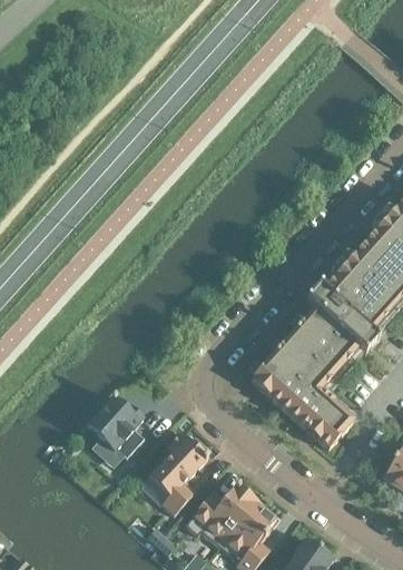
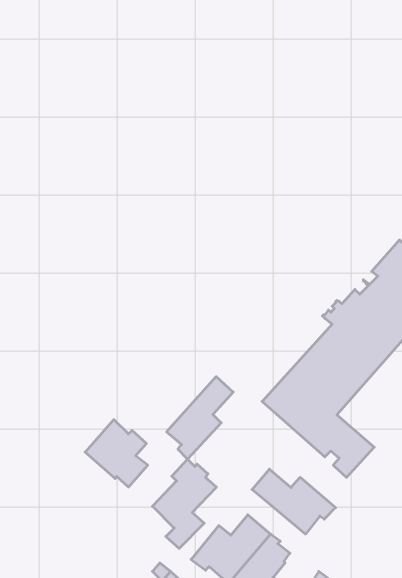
building: none -> [167,377,233,459]
building: none -> [252,469,336,534]

